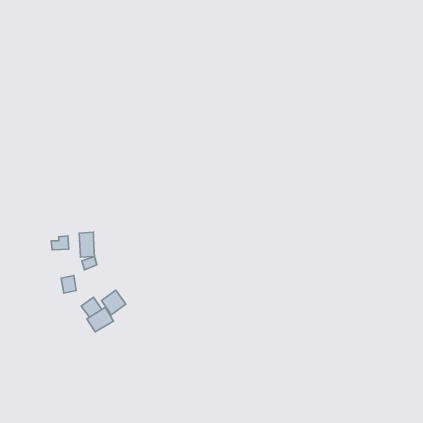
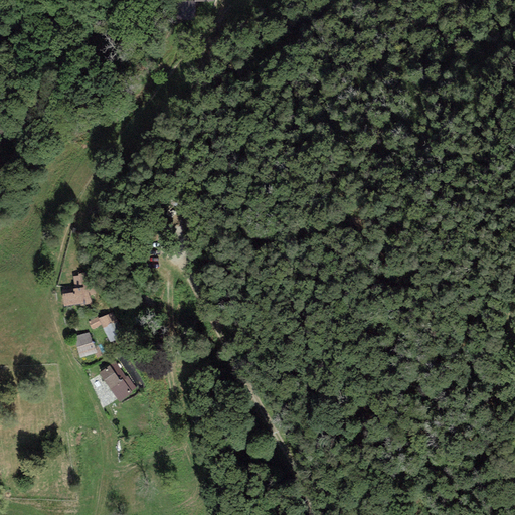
building: [79,232,94,257] -> none
building: [101,290,126,315] -> none

